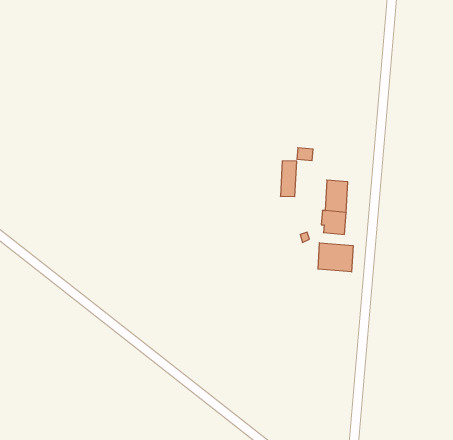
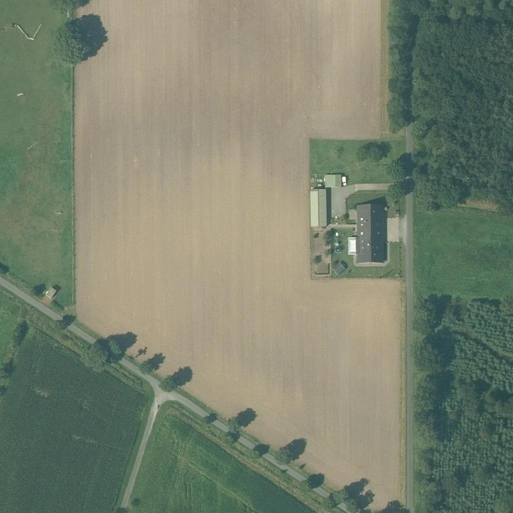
building: [318,243,353,272] -> none

